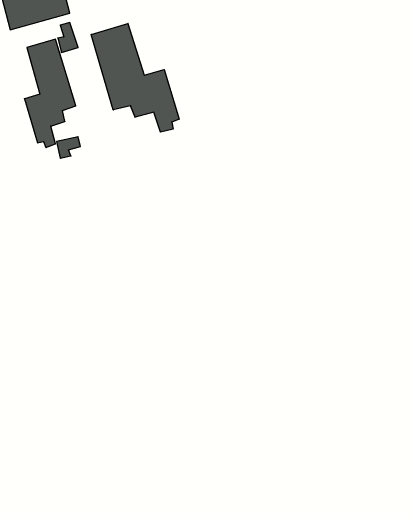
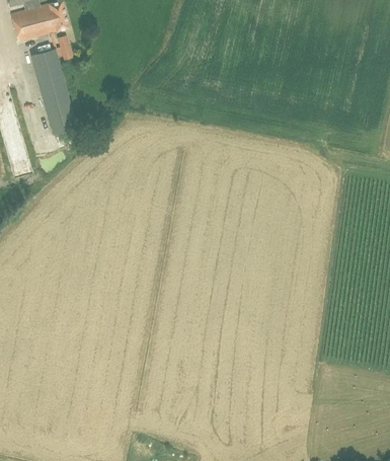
building: [91,23,179,132] -> none

